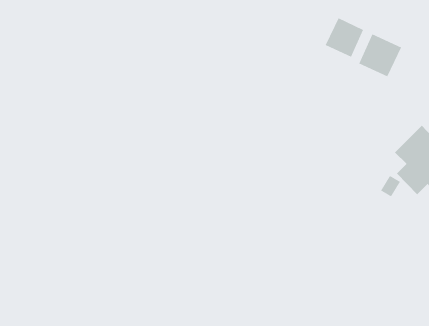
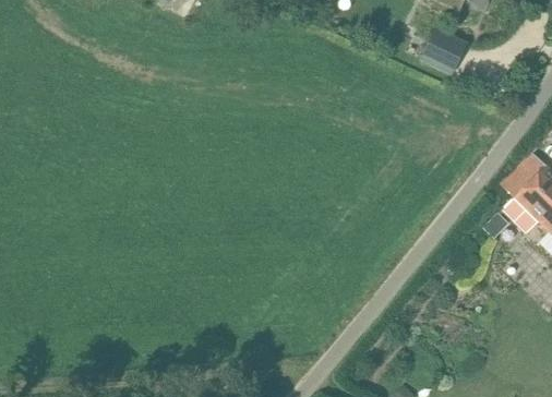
building: [358,33,402,77] -> none

